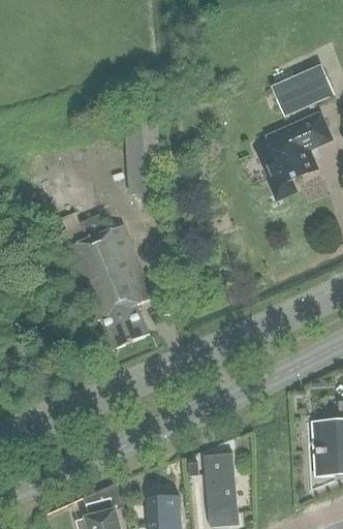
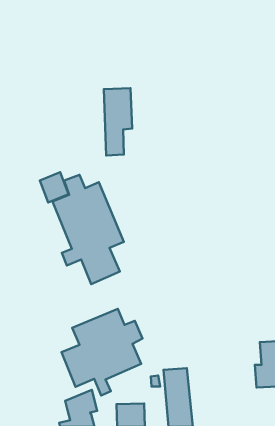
building: [272,64,334,117] -> none
building: [257,113,332,196] -> none
building: none -> [61,309,143,396]

